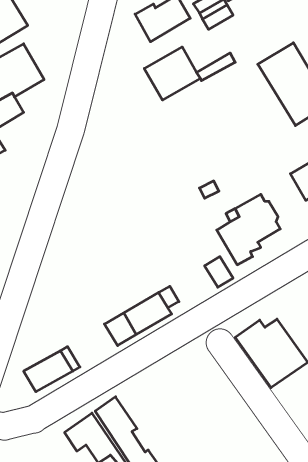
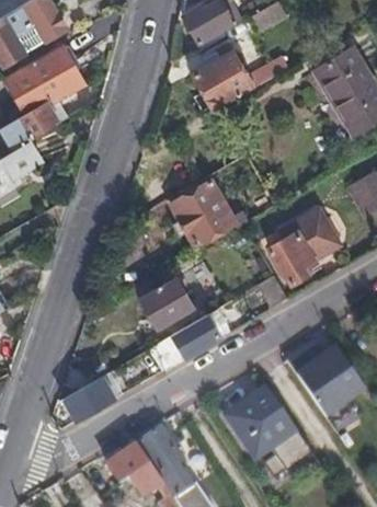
building: none -> [170,181,249,246]
building: none -> [140,279,193,327]
building: none -> [222,385,312,479]

